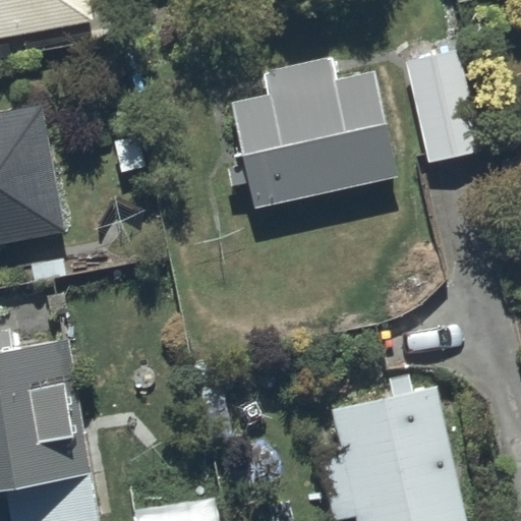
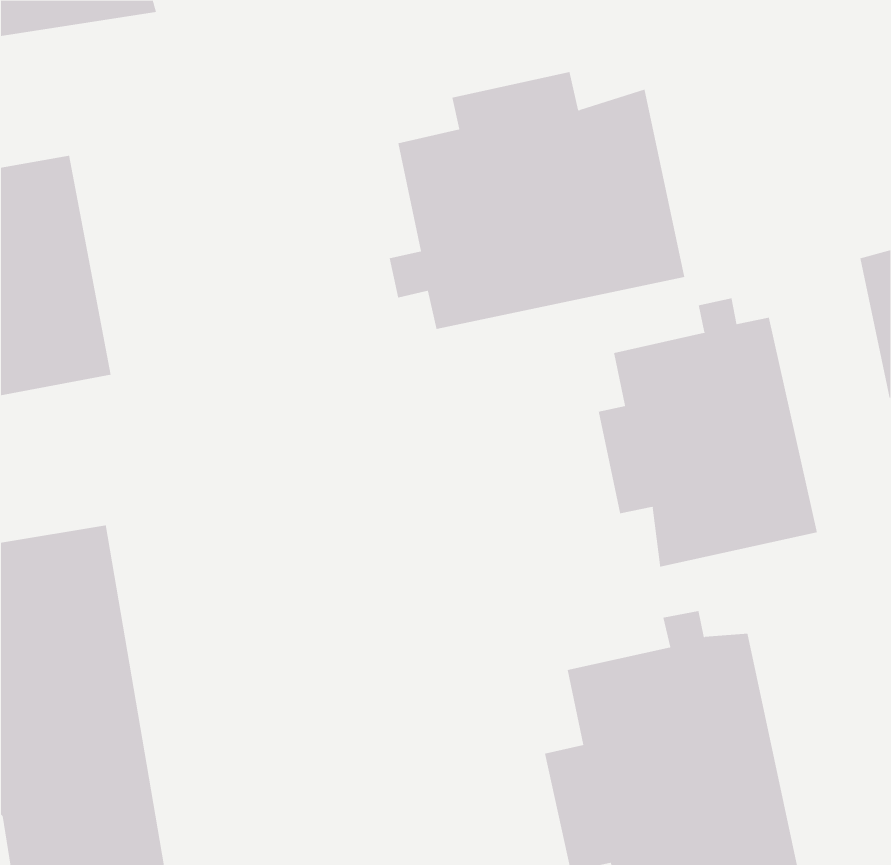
building: [404,49,483,166] -> none
building: none -> [598,298,817,567]

